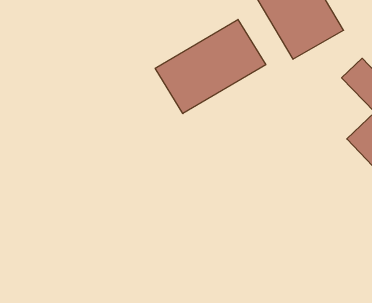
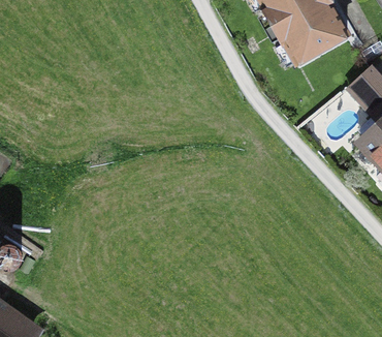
building: [155,19,266,114] -> none

